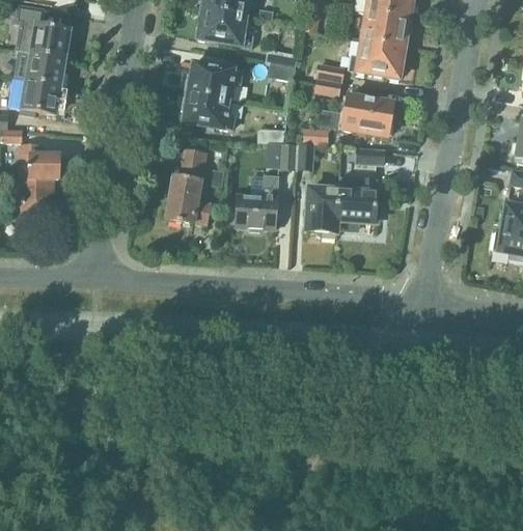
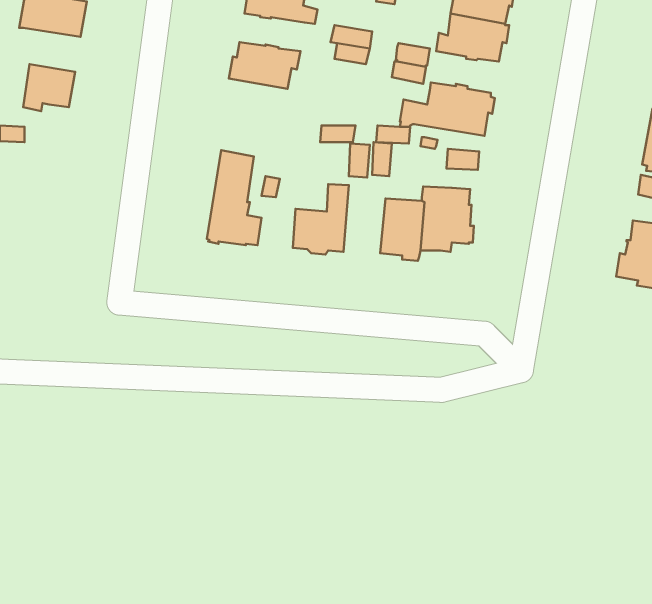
building: [16,51,66,86] -> none
building: [182,91,233,130] -> none
building: [20,145,60,214] -> none

